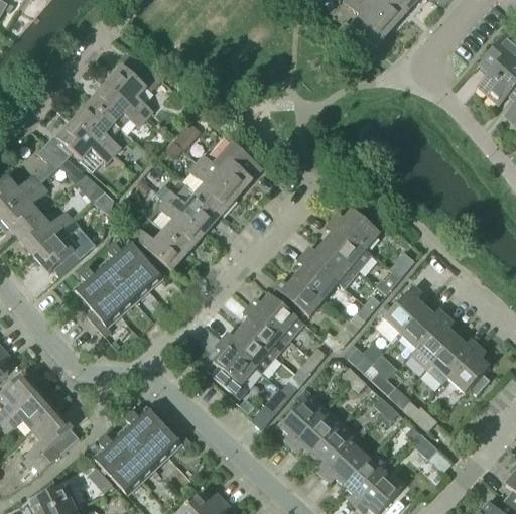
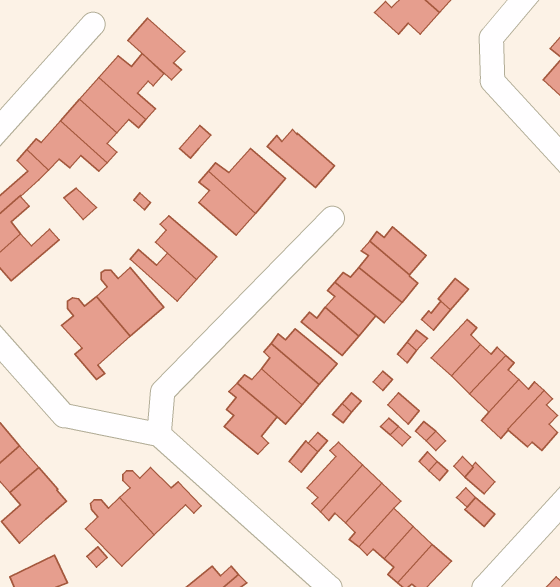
building: none -> [128,18,185,80]
building: [164,185,221,234] -> [267,130,335,187]
building: [32,220,95,275] -> none

